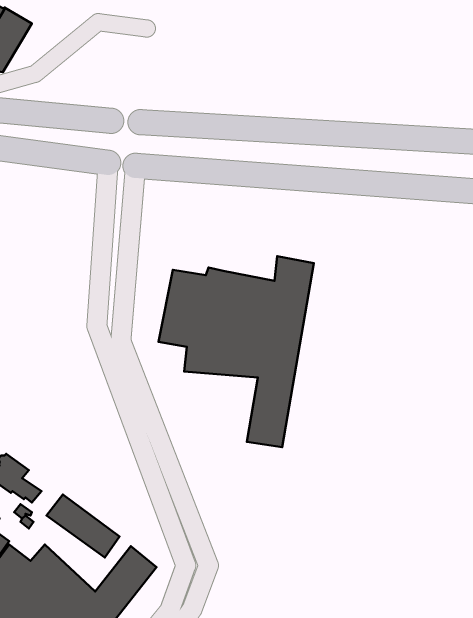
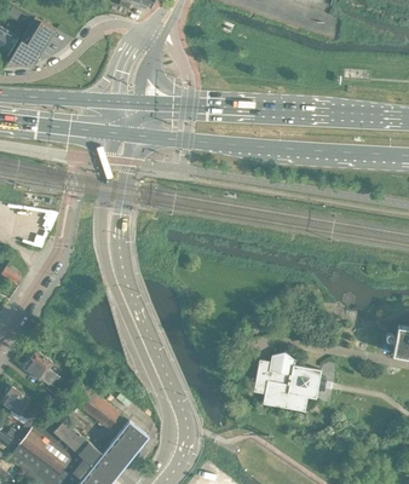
building: [159,256,314,447] -> none
building: none -> [253,352,326,411]

